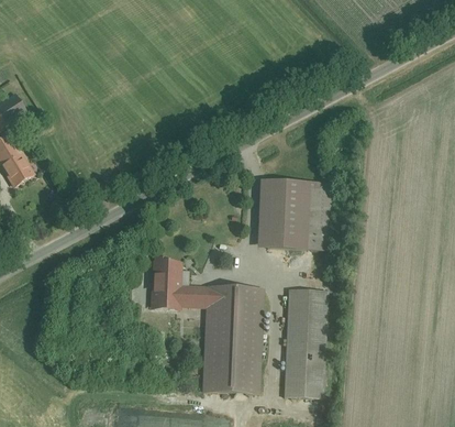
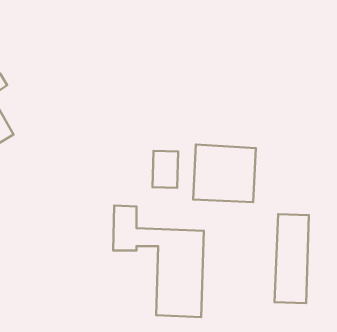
building: none -> [152,151,178,188]
building: [285,288,326,397] -> [275,214,309,303]

